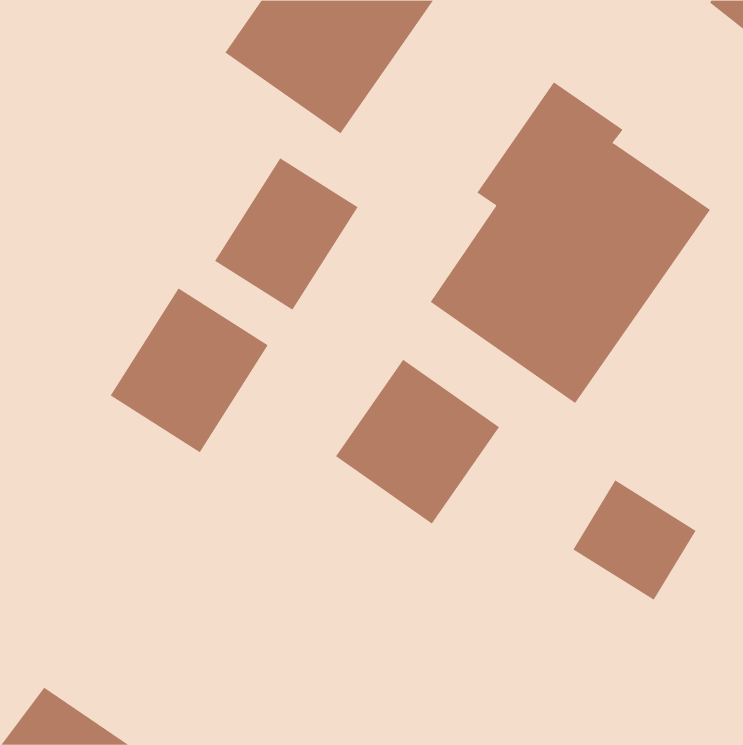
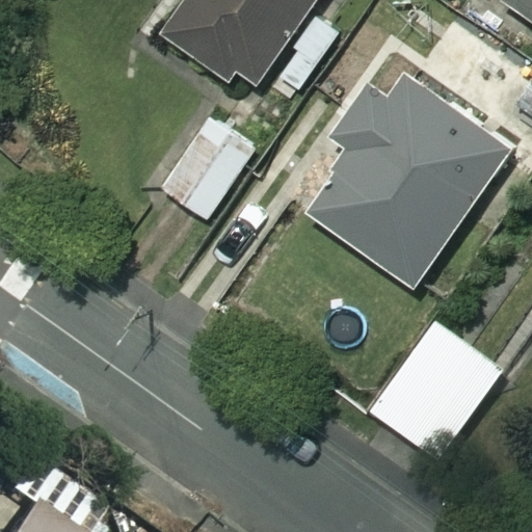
building: [110,287,269,453] -> none
building: [335,359,500,524] -> none

